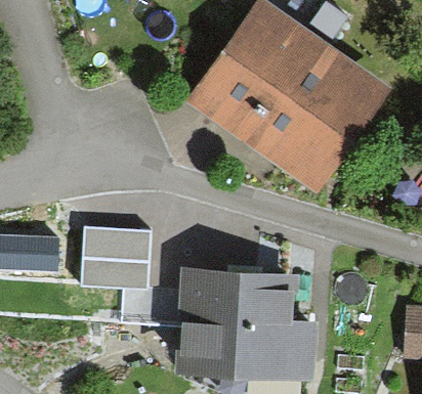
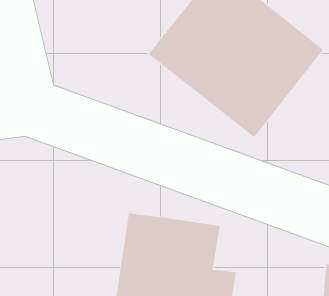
building: [77,226,135,292] -> none

